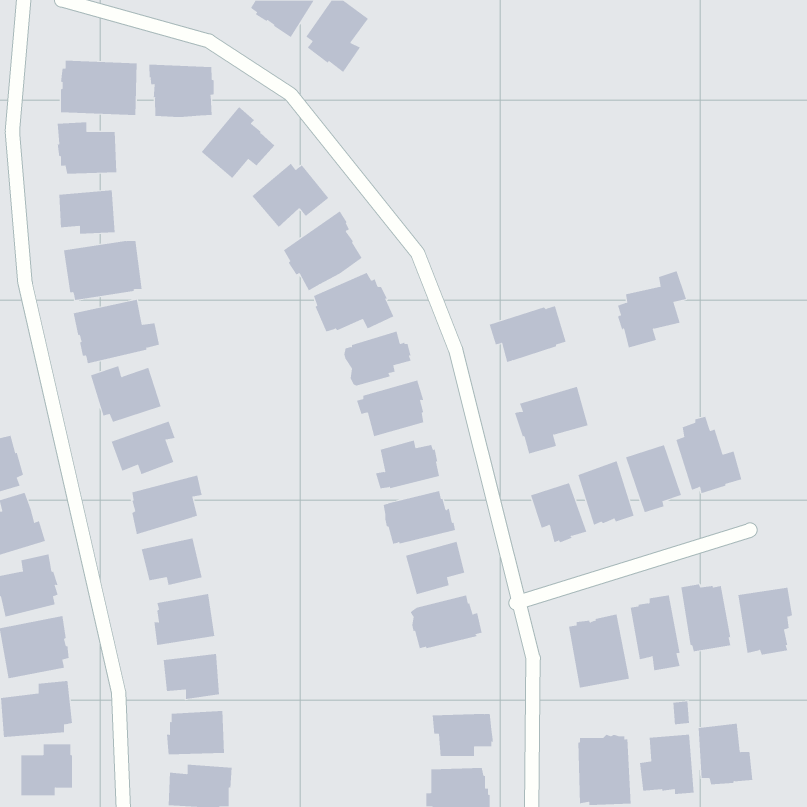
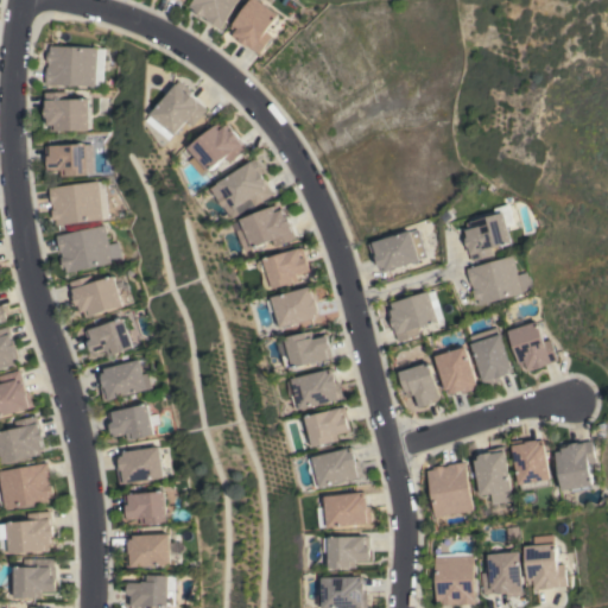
building: [149,64,214,118] -> none
building: none -> [466,256,532,306]
building: none -> [318,493,372,530]

